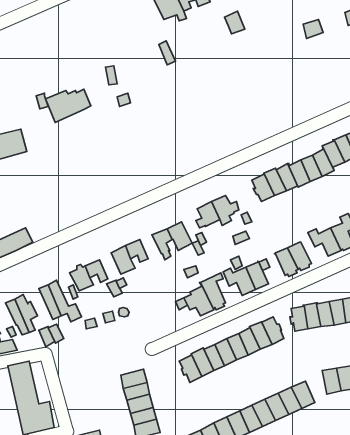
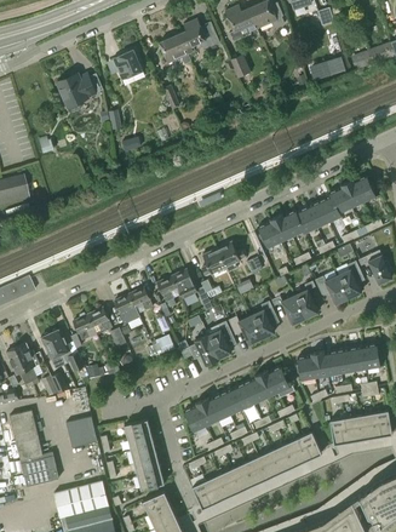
building: none -> [113,50,143,80]
building: [46,89,91,122] -> [57,73,103,107]
building: none -> [67,417,97,447]

